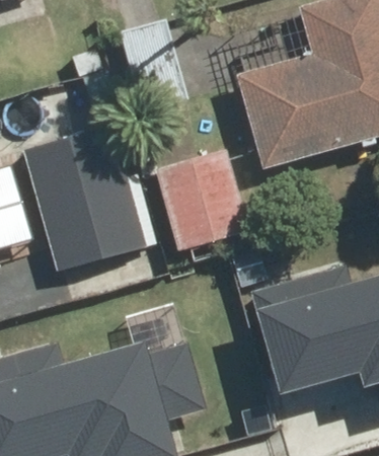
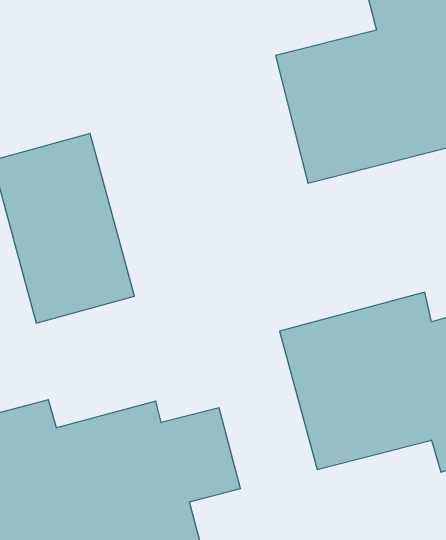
building: [151,141,253,257] -> none

